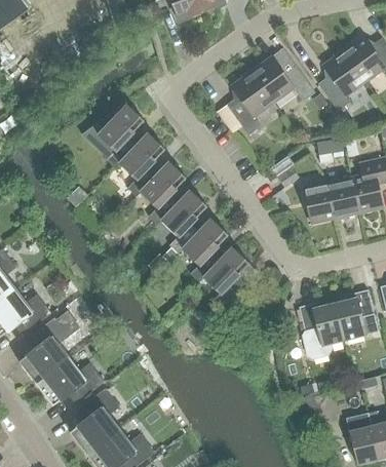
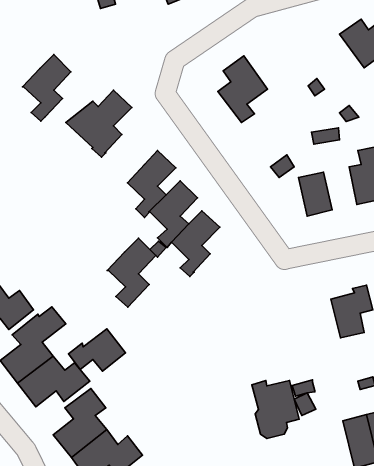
building: [318,50,366,111] -> none
building: [252,54,315,103] -> none
building: [119,132,165,196] -> [23,54,71,121]
building: [327,177,359,218] -> none
building: [203,246,249,312] -> [107,238,156,307]
building: [299,303,344,358] -> [252,380,299,439]
building: none -> [68,329,125,371]

